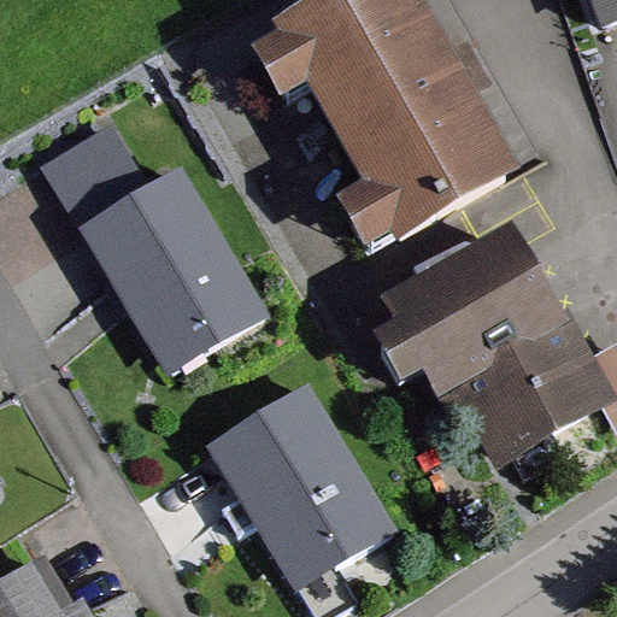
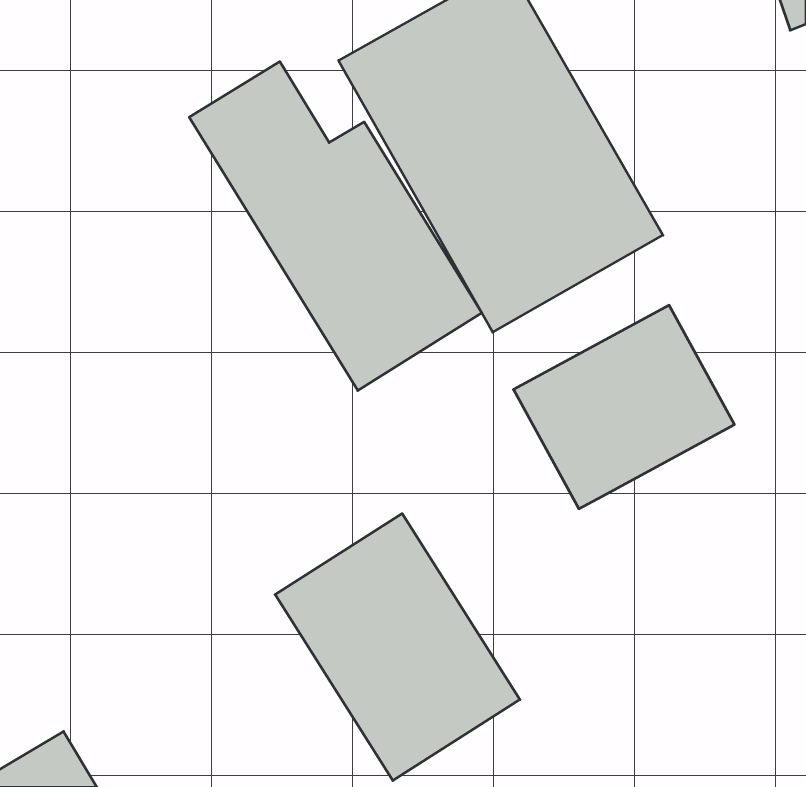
building: [52,131,274,381] -> [189,62,482,391]
building: [457,322,597,448] -> none

